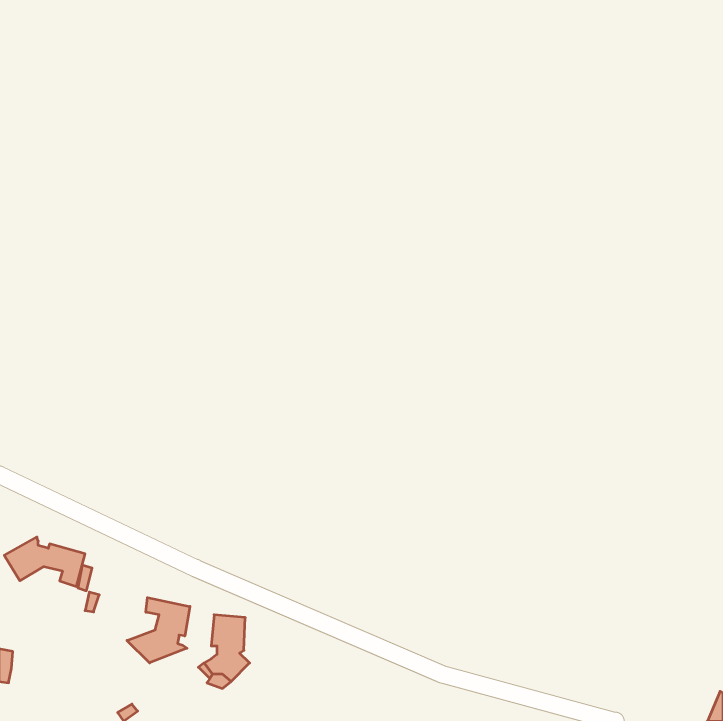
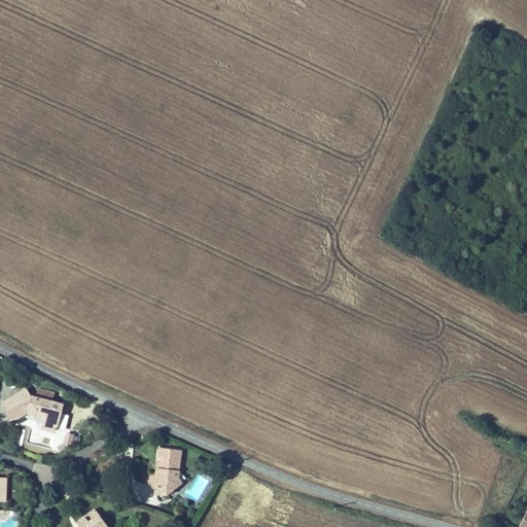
building: [127,598,190,663] -> none

